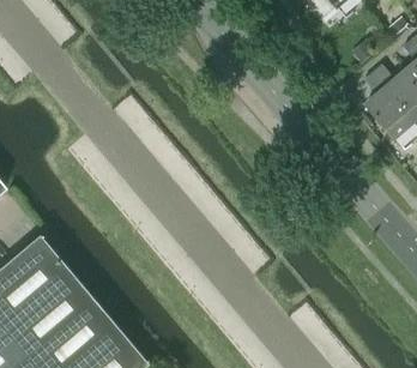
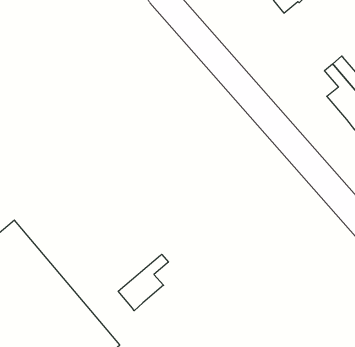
building: none -> [118,254,168,311]

